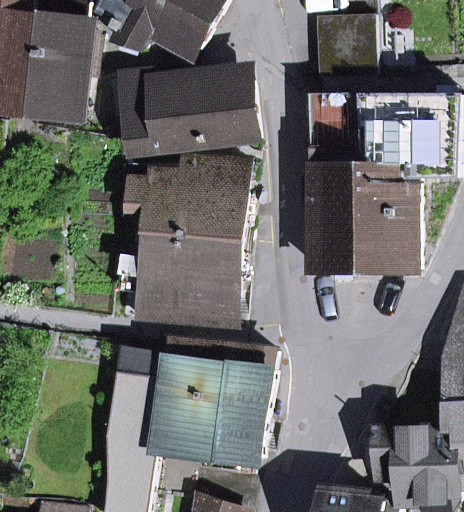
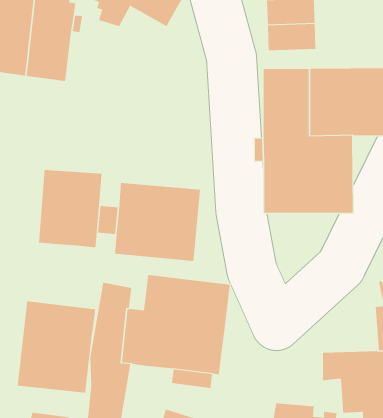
building: [126,70,260,154] -> none
building: [134,158,249,242] -> none
building: none -> [39,169,102,248]
building: none -> [17,300,96,394]

